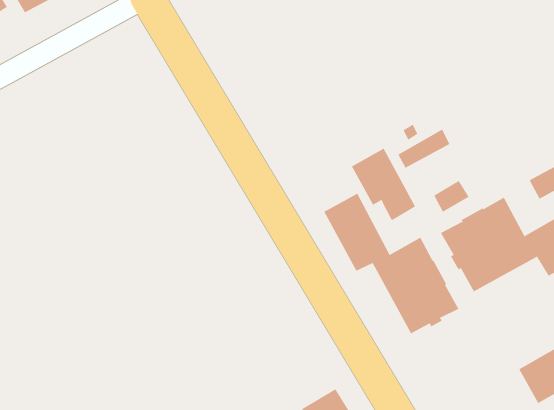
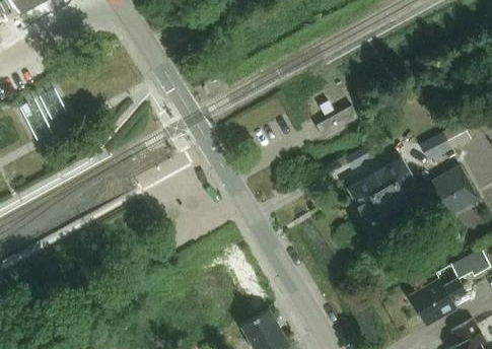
building: [351,148,416,220] -> none
building: [323,193,459,334] -> none

